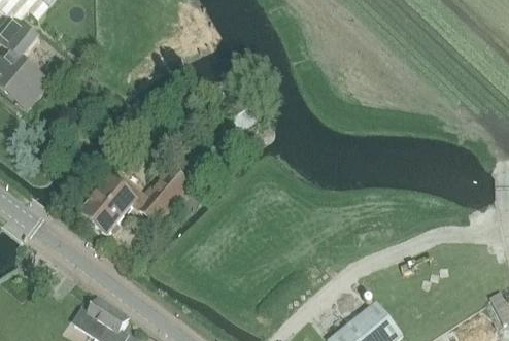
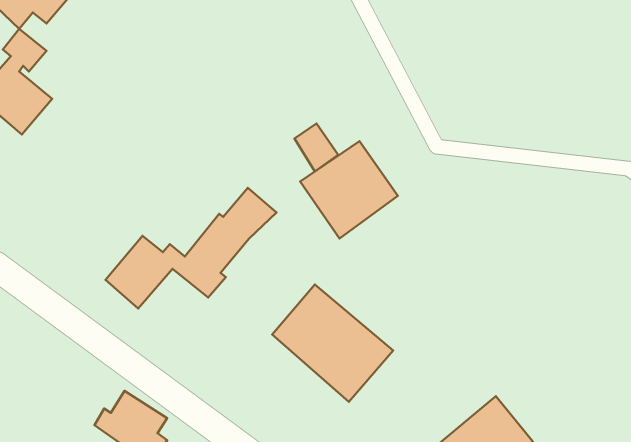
building: none -> [300,141,398,238]
building: none -> [272,285,393,402]

